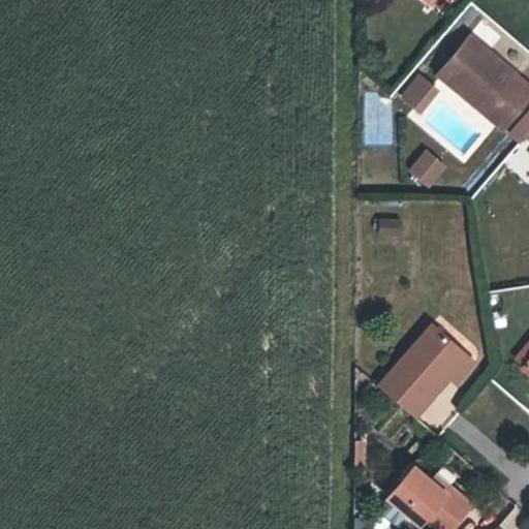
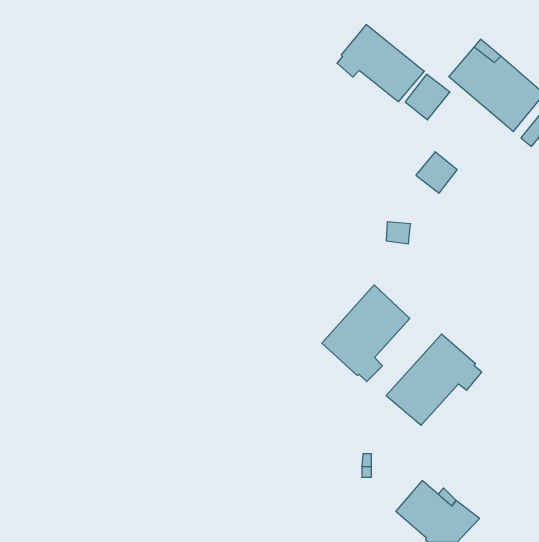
building: none -> [337,24,424,102]
building: none -> [322,285,410,382]

